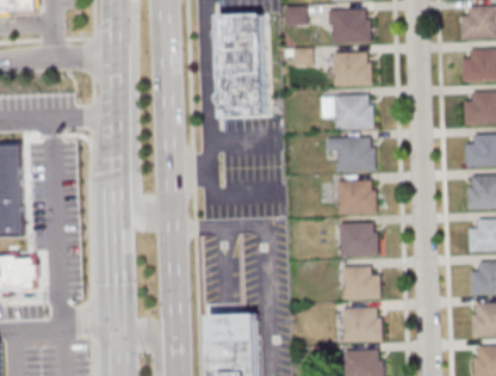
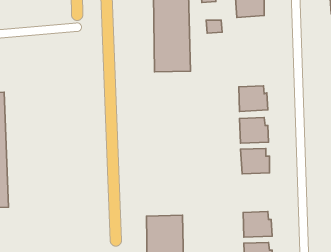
building: [331,51,371,86] -> none
building: [334,94,373,129] -> none
building: [341,266,379,300] -> none

